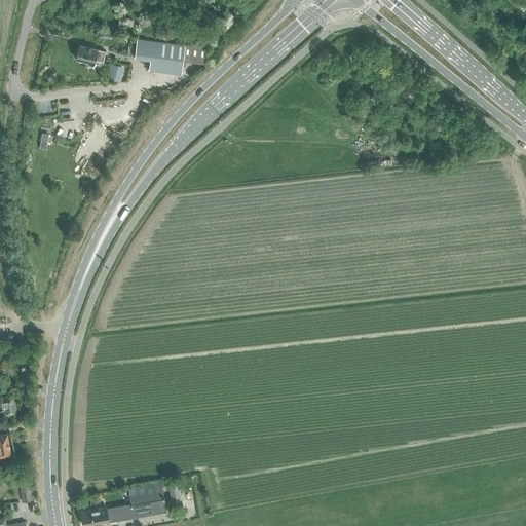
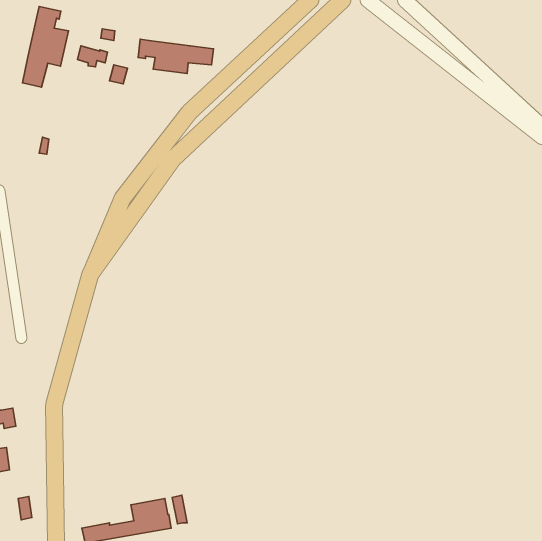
building: none -> [22,6,68,87]

